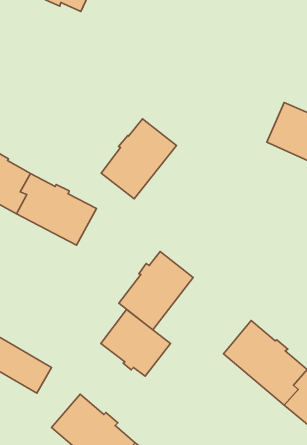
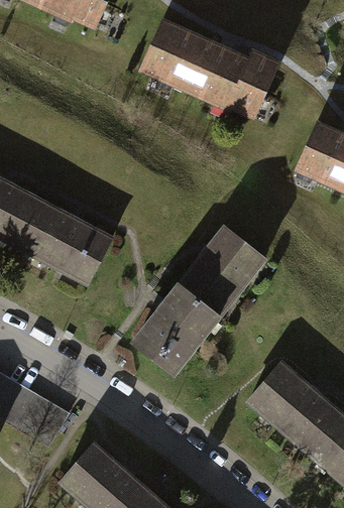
building: none -> [141,22,278,115]
building: [101,119,176,199] -> [181,228,263,315]
building: [101,310,170,376] -> none

